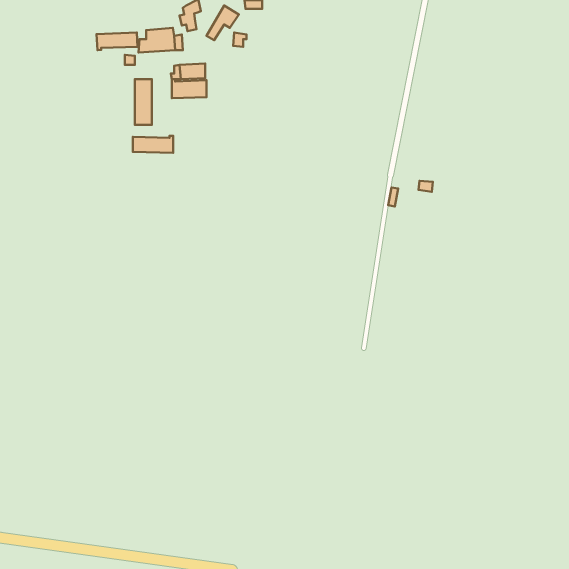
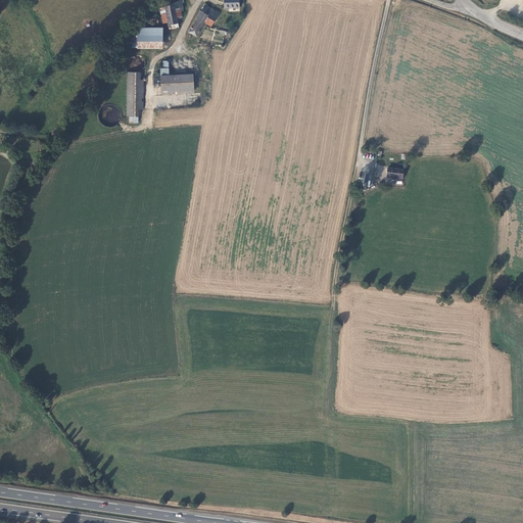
building: [96,33,138,50] -> none
building: [133,136,173,153] -> none

